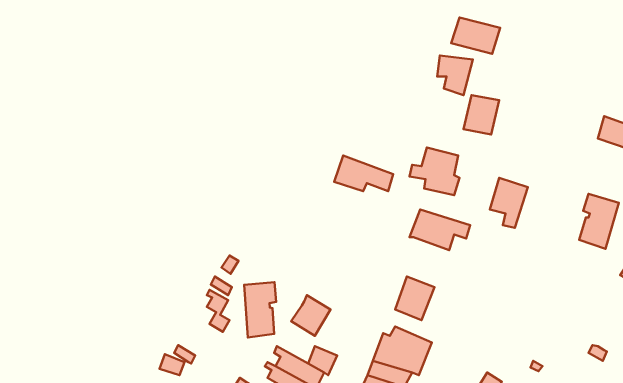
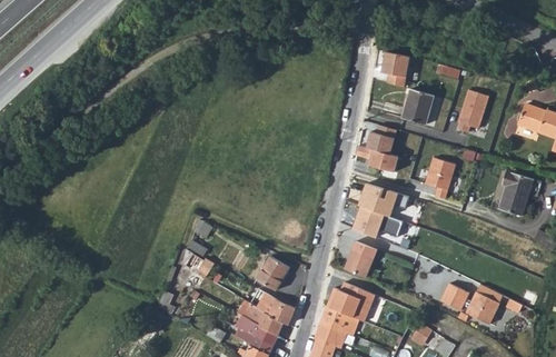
building: [451,17,500,54] -> none
building: none -> [457,90,488,131]
building: [334,156,393,191] -> [351,207,401,237]
building: [244,282,276,337] -> none
building: none -> [441,282,503,323]

